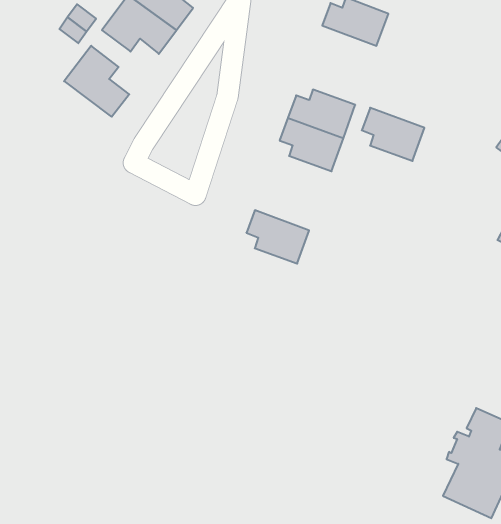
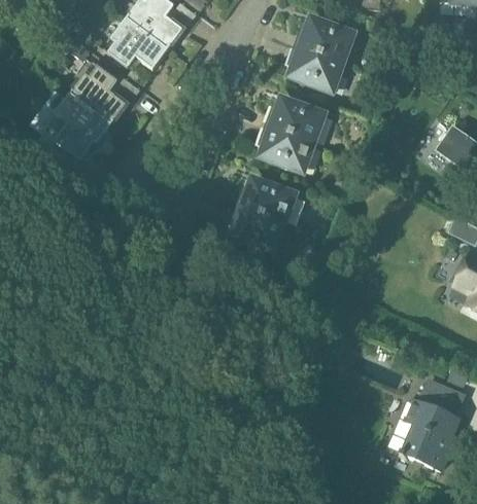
building: none -> [46,93,111,161]
building: [362,108,424,161] -> [287,44,342,91]
building: none -> [236,180,295,222]

